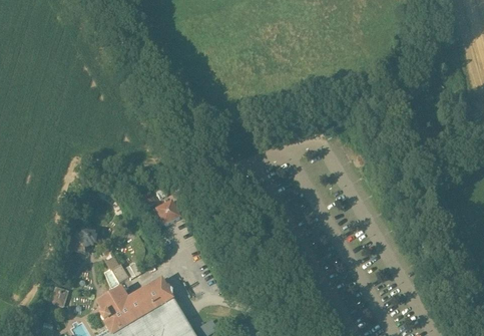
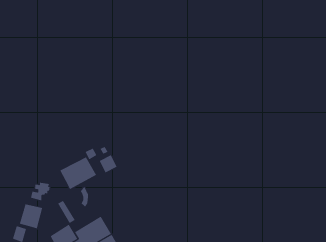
building: none -> [60,157,97,190]
building: none -> [19,204,43,229]

